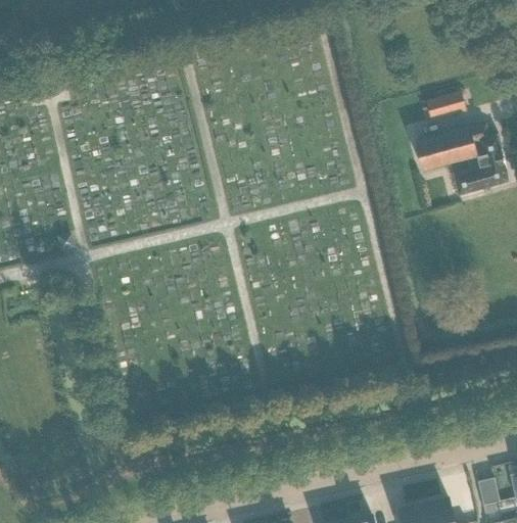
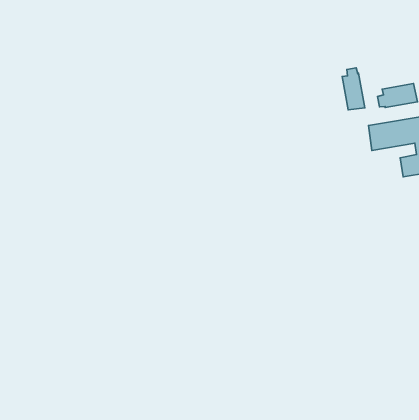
building: none -> [342,68,365,110]

